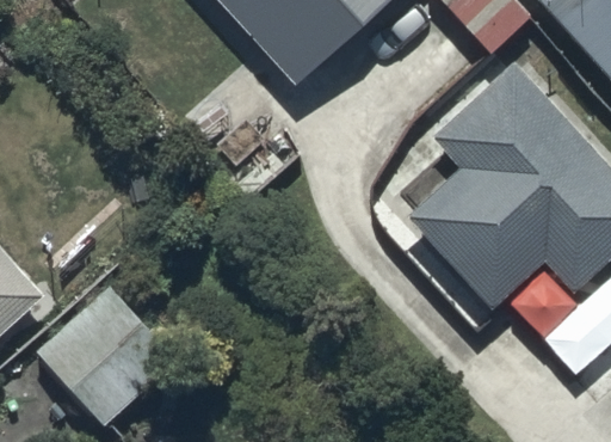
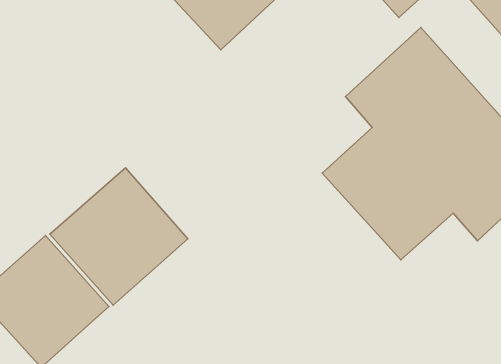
building: none -> [50,168,188,305]

